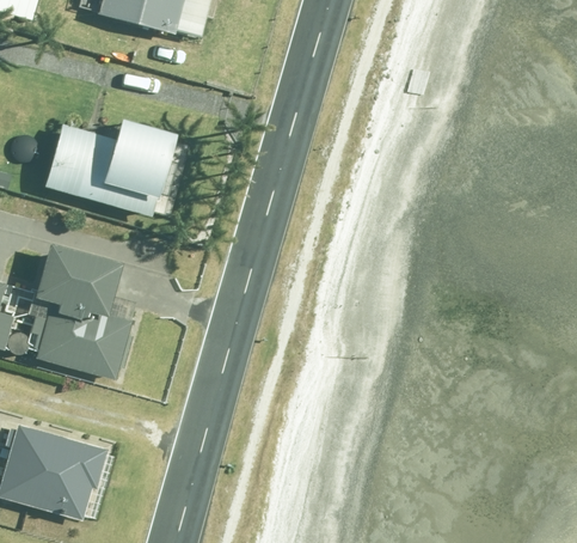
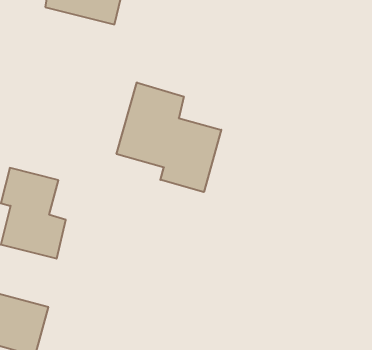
building: [45,122,174,218] -> none
building: none -> [117,82,221,192]

